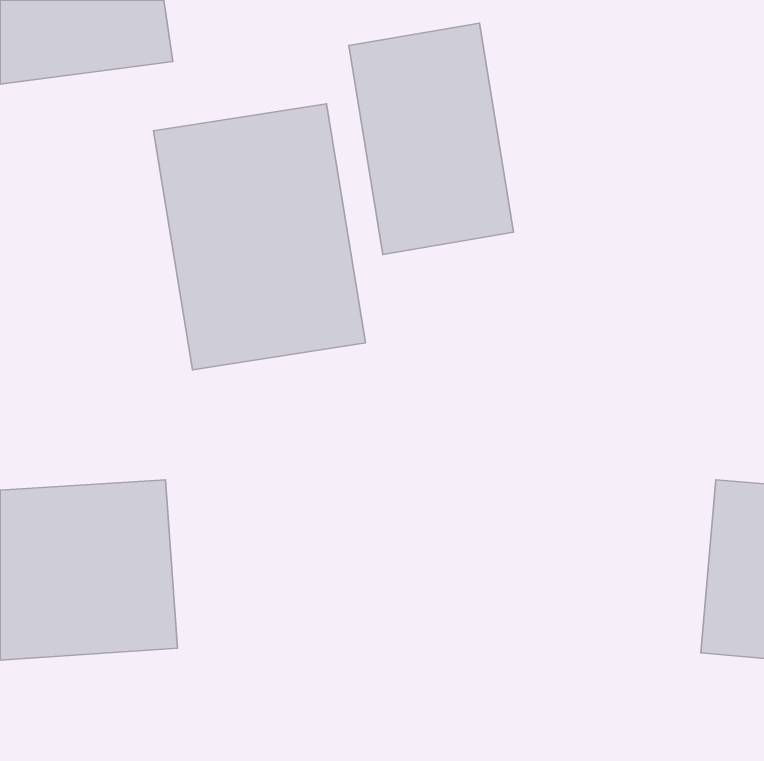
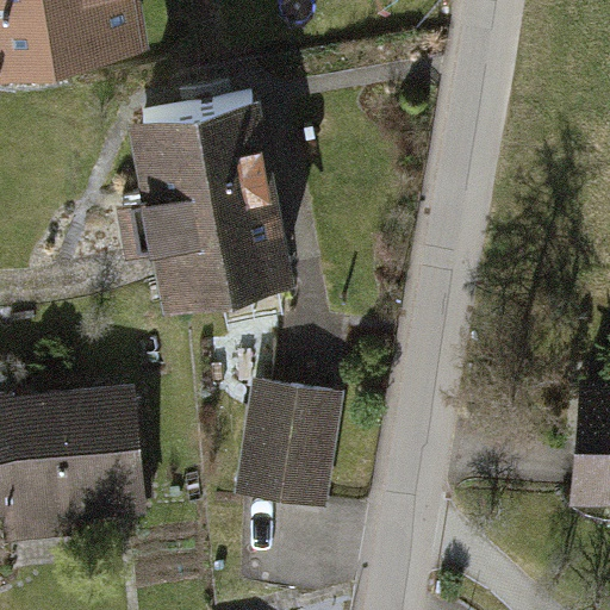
building: [349,23,514,255] -> none
building: none -> [229,386,346,516]

